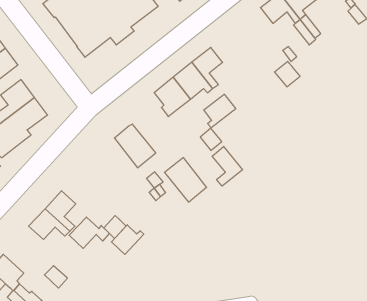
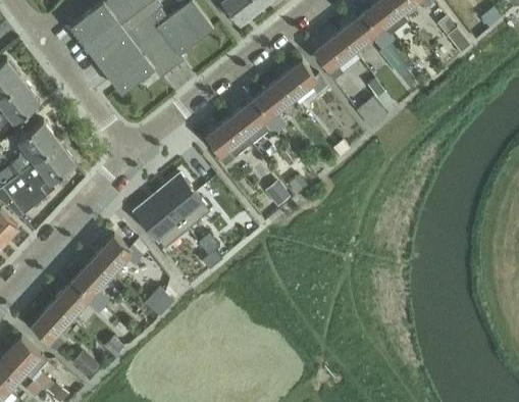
building: none -> [315,32,354,81]
building: none -> [277,61,326,99]
building: [204,94,236,128] -> none
building: [212,146,243,186] -> none
building: [164,158,207,202] -> [135,193,187,248]
building: [69,217,109,248] -> [93,236,143,274]
building: [111,225,144,254] -> none
building: none -> [32,302,70,352]

